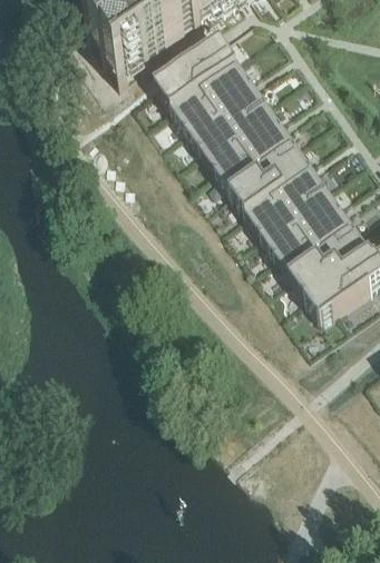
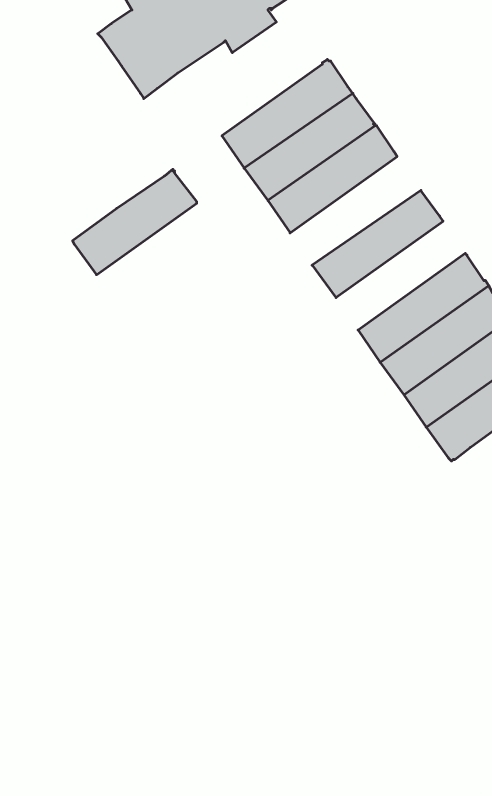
building: [155,37,236,106] -> [73,169,197,275]
building: [215,119,301,190] -> none
building: [245,161,330,233] -> none

